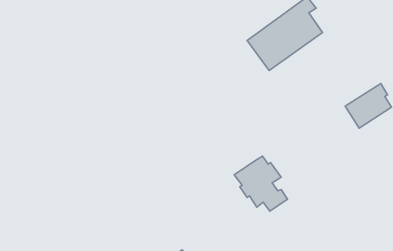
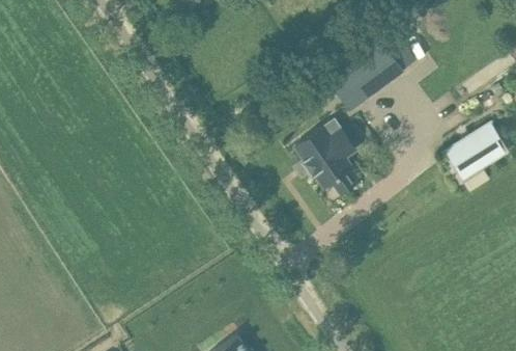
building: [234,156,288,211] -> [294,123,363,193]

